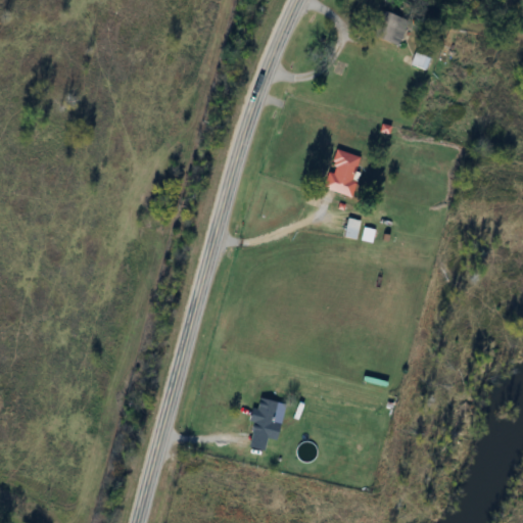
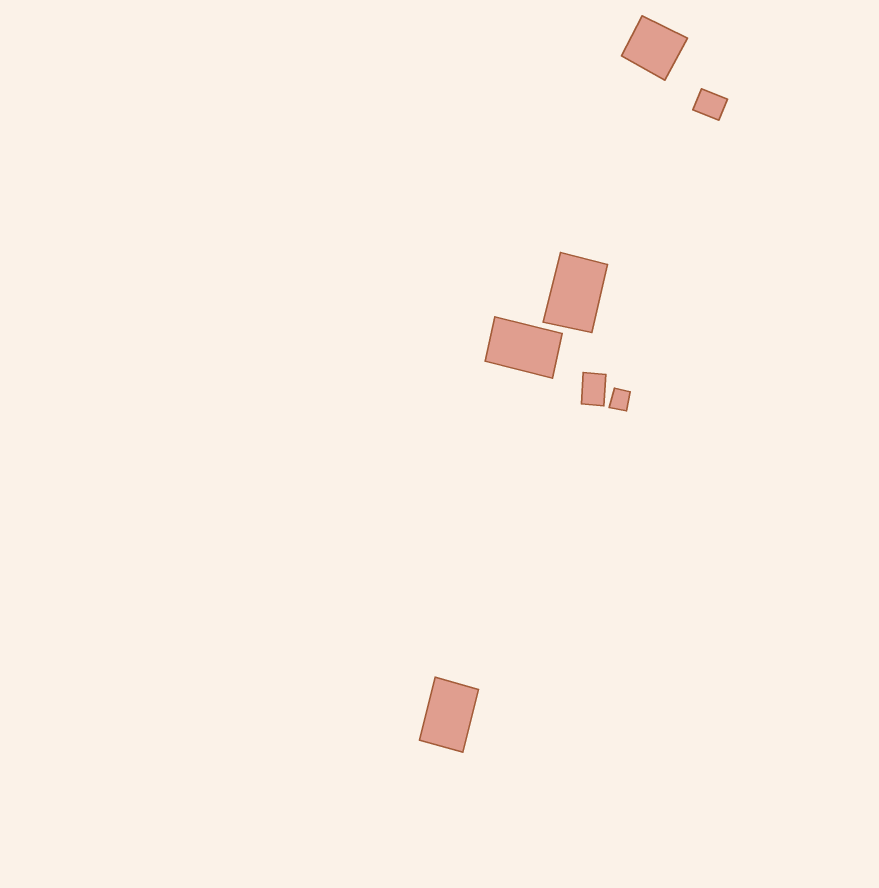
building: none -> [485,317,562,378]

